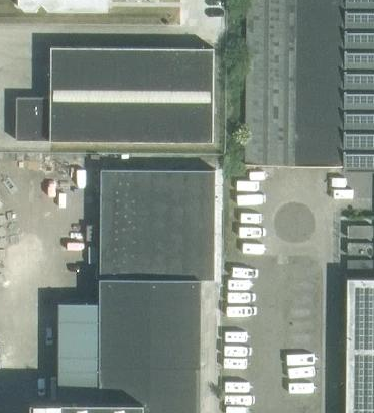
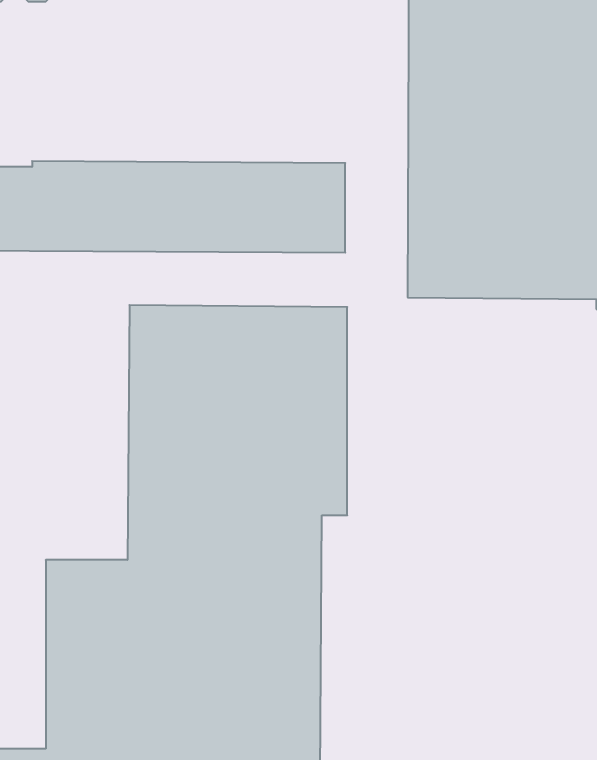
building: [50,48,214,97] -> none

